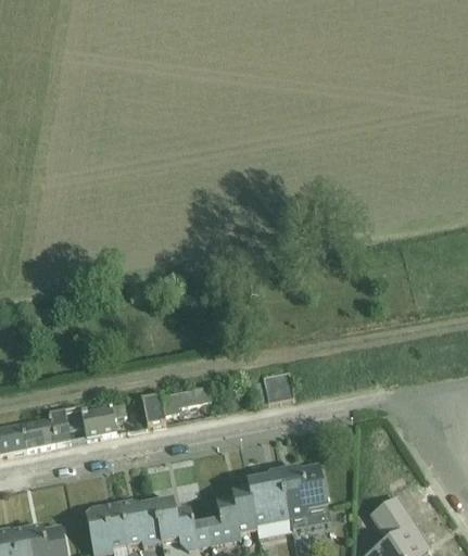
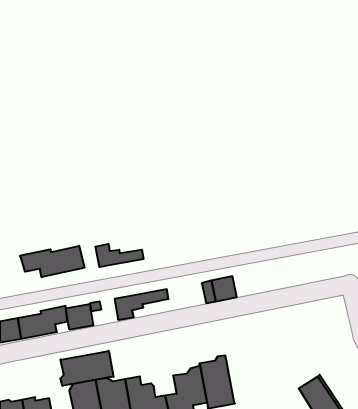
building: none -> [95,244,144,267]
building: none -> [20,246,85,277]
building: [281,463,331,528] -> none
building: none -> [60,351,113,386]

